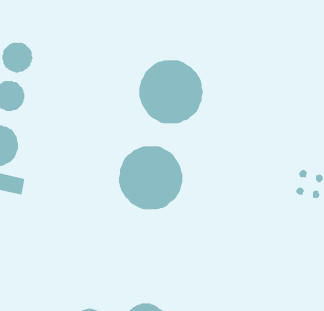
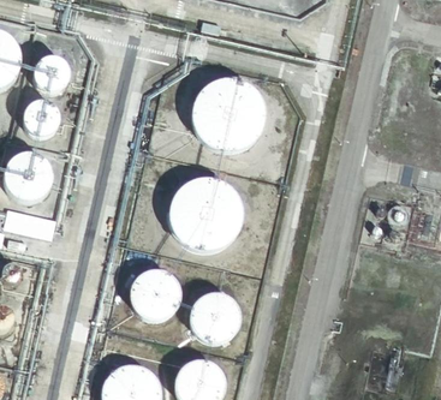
building: none -> [131,270,180,320]
building: none -> [191,295,240,345]

